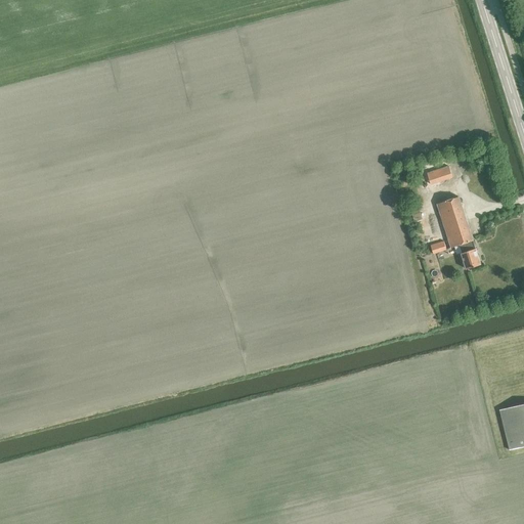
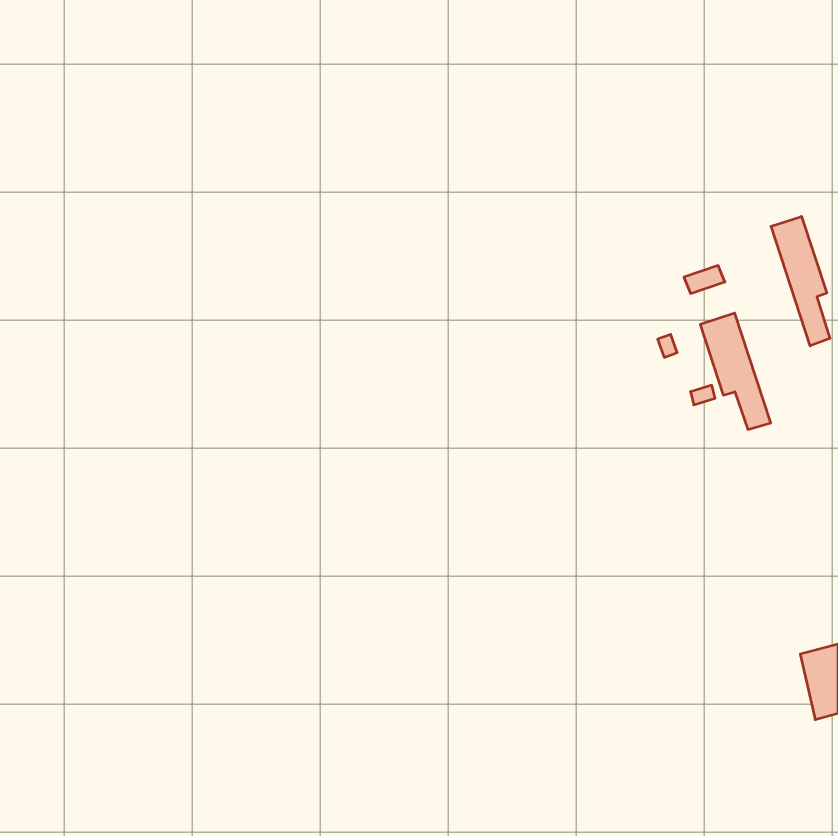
building: none -> [771,216,830,346]

